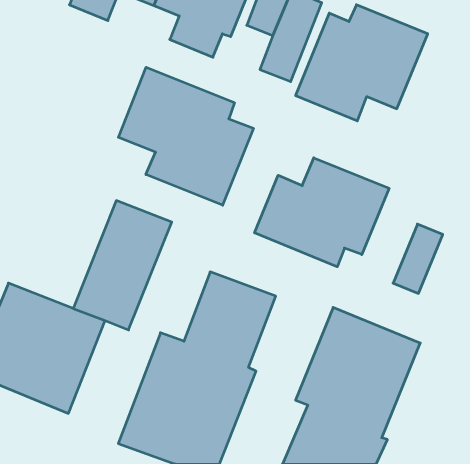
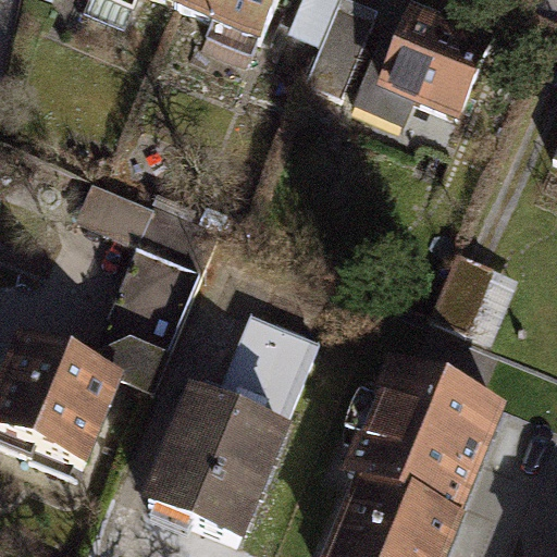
building: [118,67,253,205] -> none
building: [255,158,389,267] -> none

